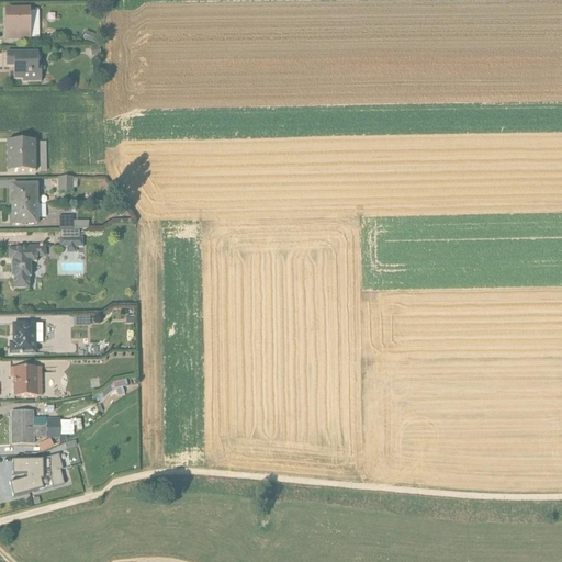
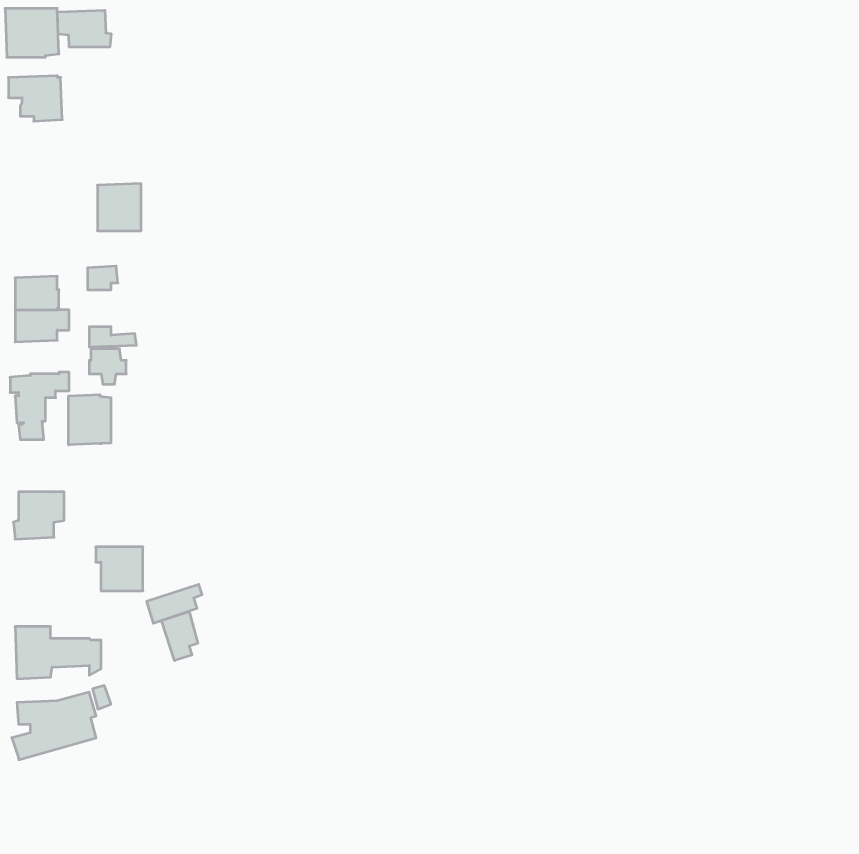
building: none -> [57,10,111,47]
building: [8,137,36,168] -> [97,184,141,231]
building: none -> [69,395,111,445]
building: [11,364,42,393] -> [96,547,143,591]
building: none -> [162,611,198,661]

